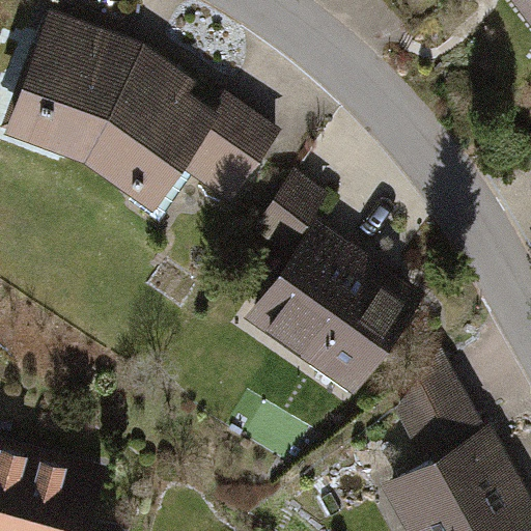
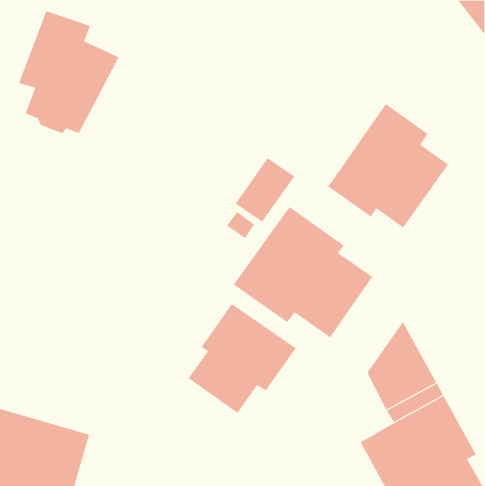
building: [86,64,273,218] -> none
building: none -> [327,103,449,229]
building: none -> [188,303,297,414]

